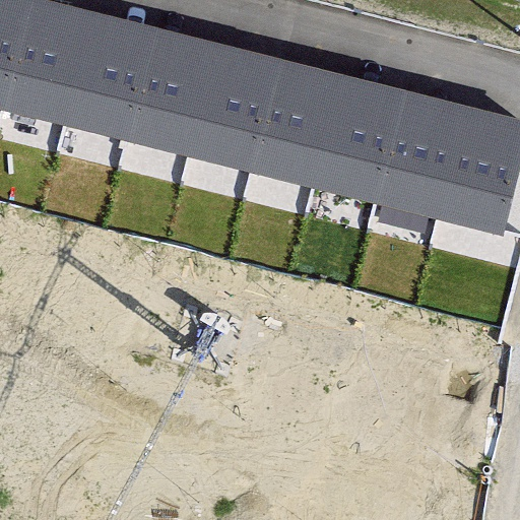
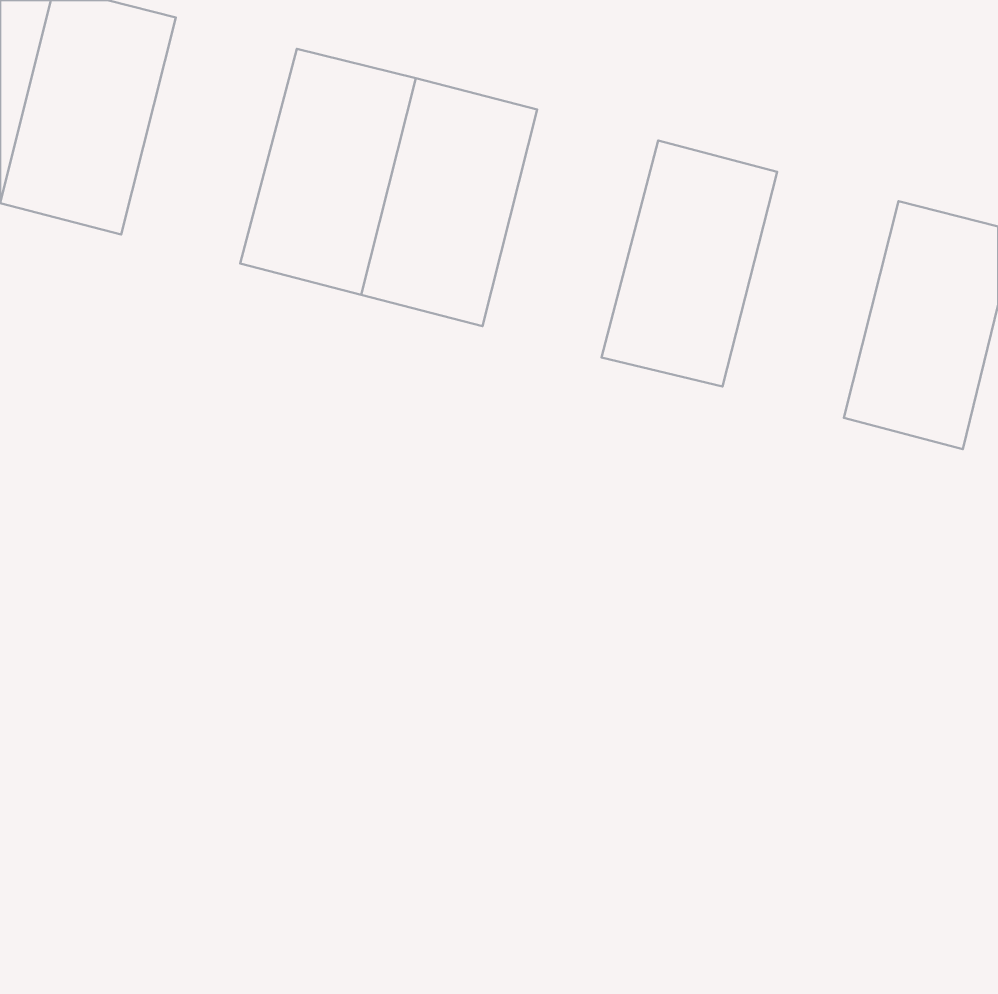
building: [63,11,154,139] -> none
building: [251,59,342,188] -> none
building: [376,91,467,219] -> none

